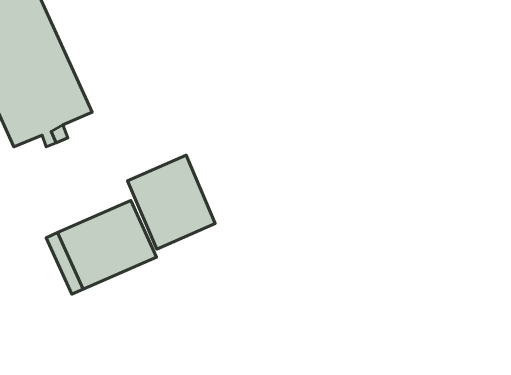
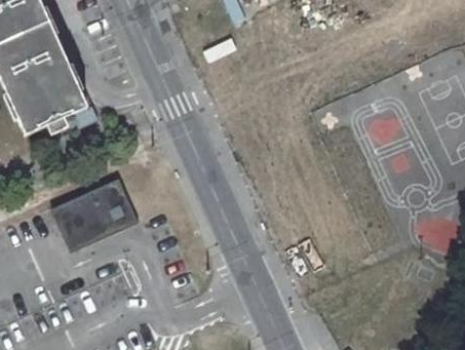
building: [128,155,215,249] -> none

